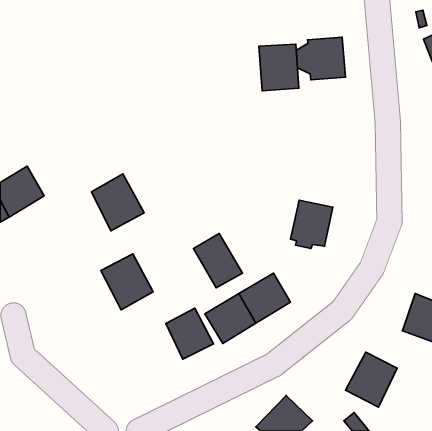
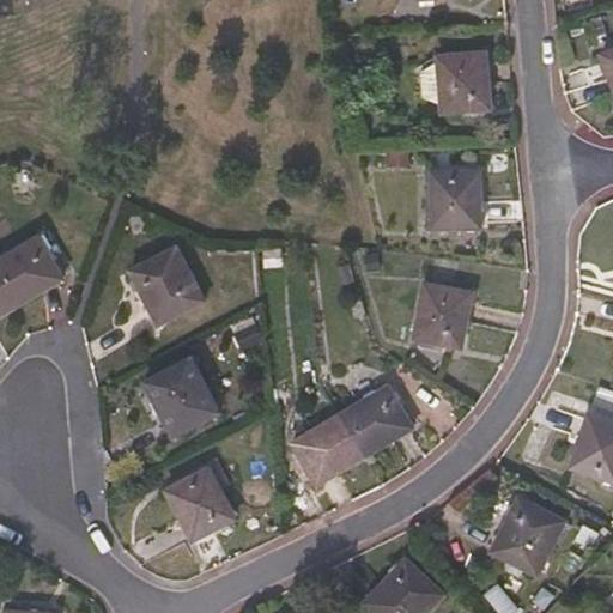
building: [259,44,299,91] -> none
building: none -> [431,171,480,227]
building: [193,233,243,288] -> none
building: [166,308,213,359] -> [165,468,232,540]

